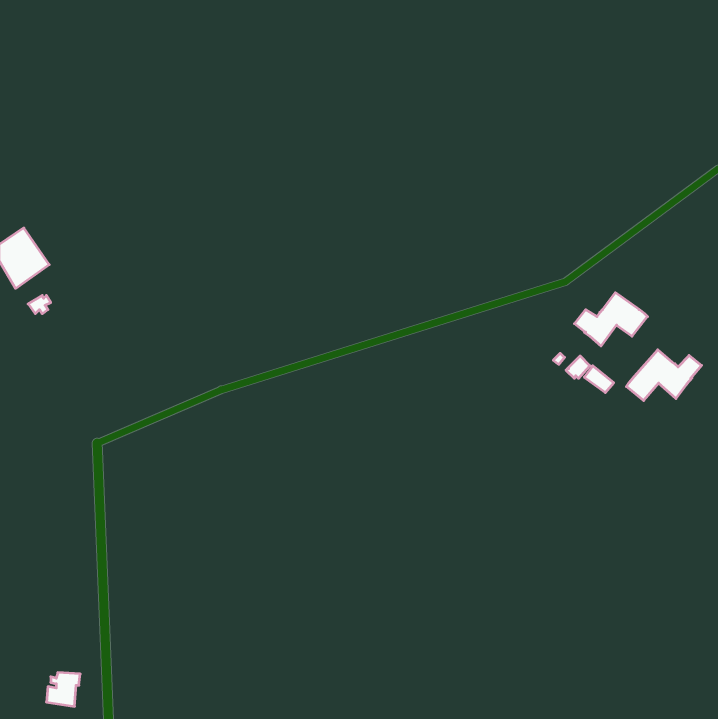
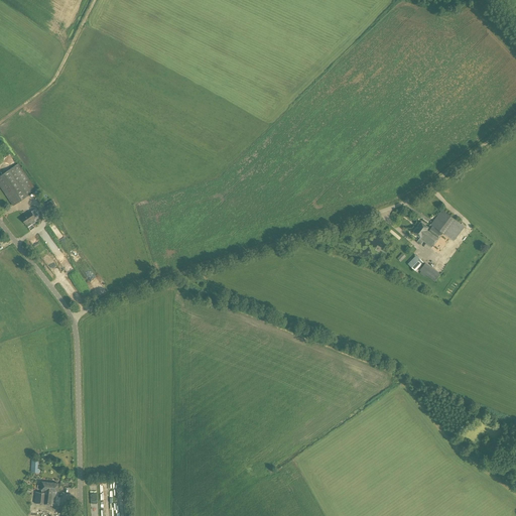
building: [626,350,702,401] -> none

